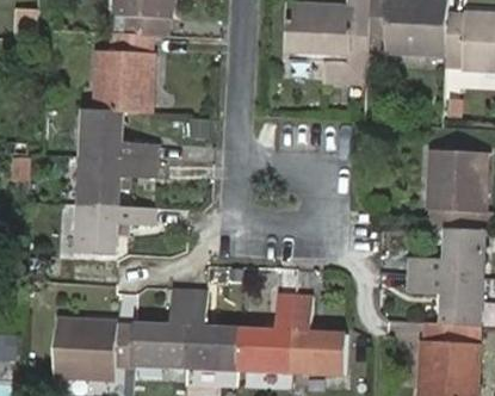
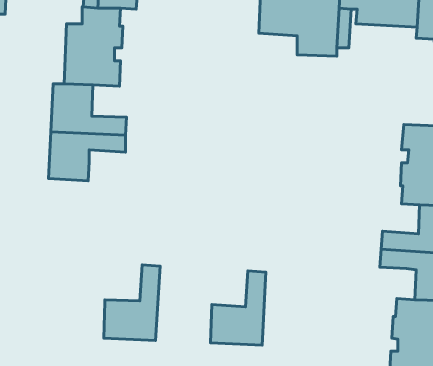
building: [76,204,153,254] -> none
building: [185,291,241,367] -> none
building: [291,297,346,373] -> none
building: [54,320,135,378] -> none

